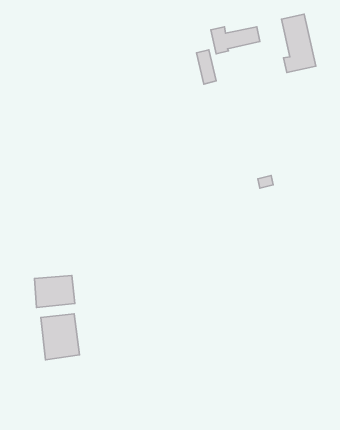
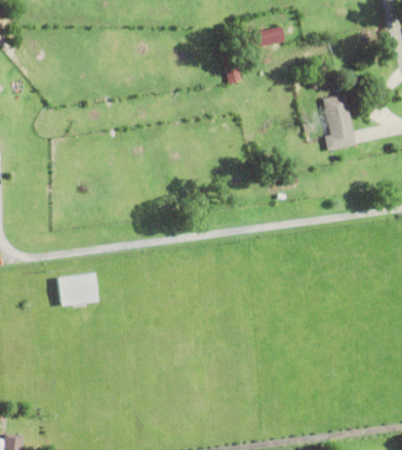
building: [281,14,316,72] -> [321,94,355,152]
building: [41,314,80,360] -> none

